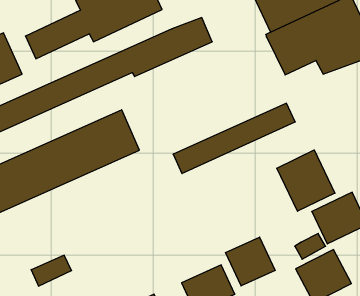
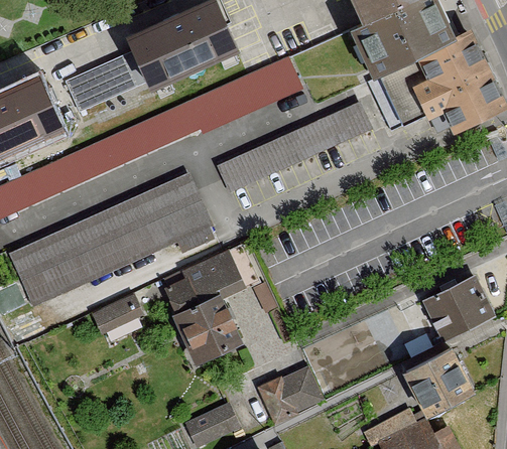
building: [173,103,295,174] -> [218,103,370,190]
building: [277,150,335,211] -> none
building: none -> [163,244,255,364]
building: [226,237,275,286] -> none
building: [31,255,72,286] -> [92,293,142,331]

